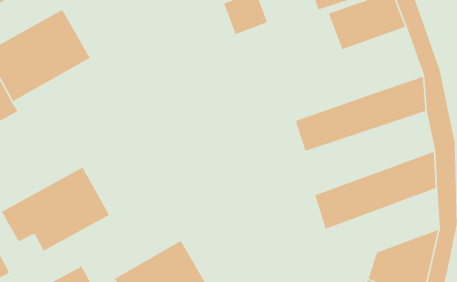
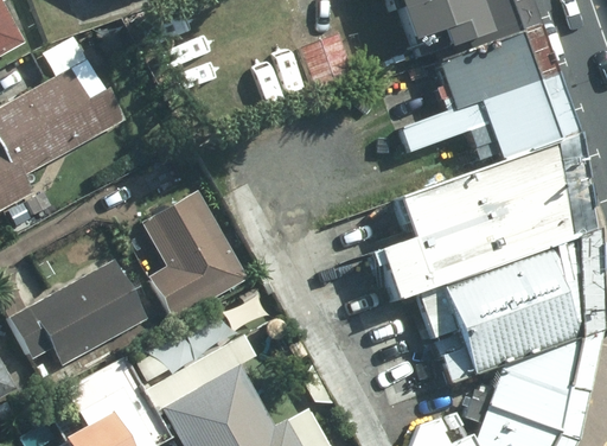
building: none -> [398,78,557,161]
building: none -> [372,187,571,305]
building: none -> [141,189,249,324]
building: none -> [430,287,577,387]

